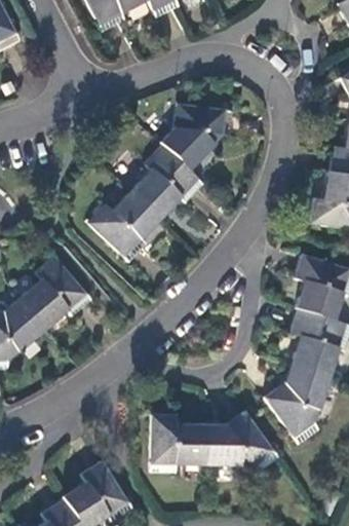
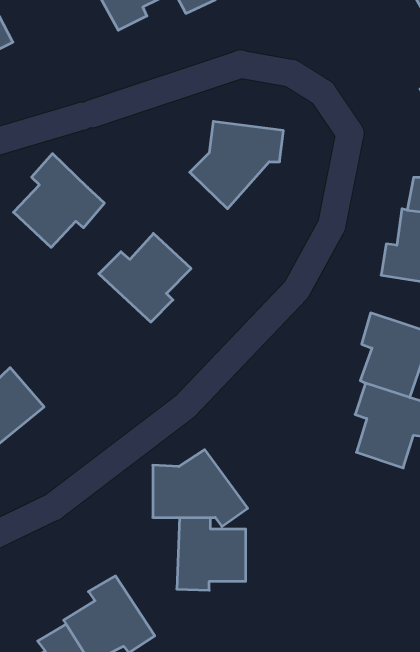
building: [130,145,202,219] -> [13,154,104,247]
building: [17,255,90,328] -> none
building: [265,364,327,444] -> none
building: [203,412,278,473] -> [153,450,248,526]

